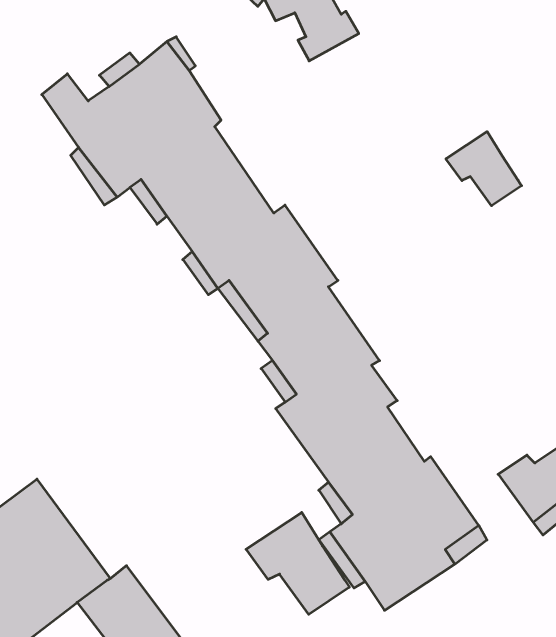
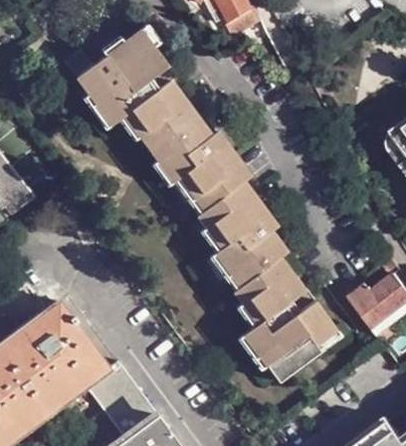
building: [446,132,522,206] -> none
building: [246,512,349,614] -> none

